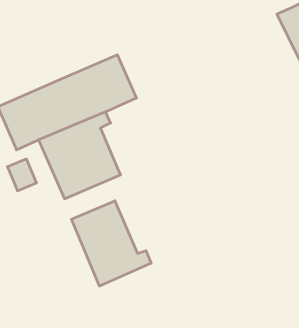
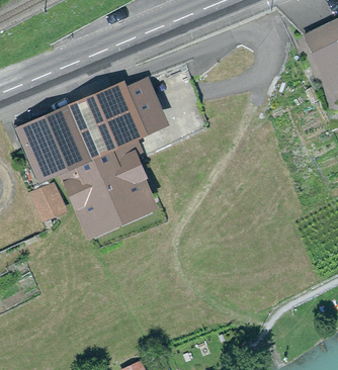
building: [71,201,151,286] -> none

